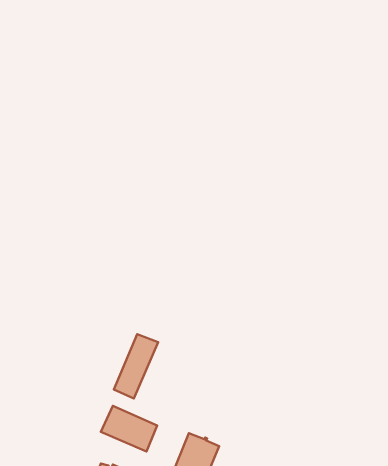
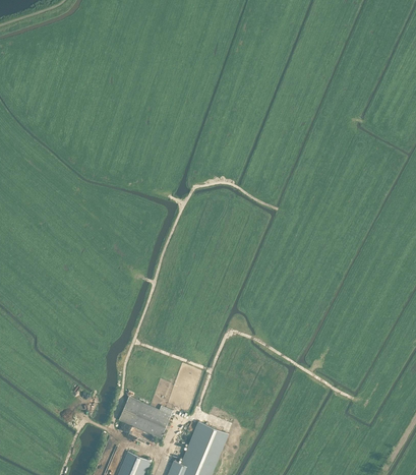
building: [114,334,158,399] -> none

